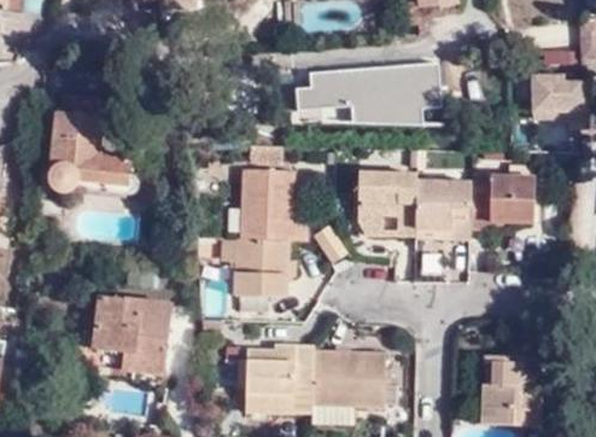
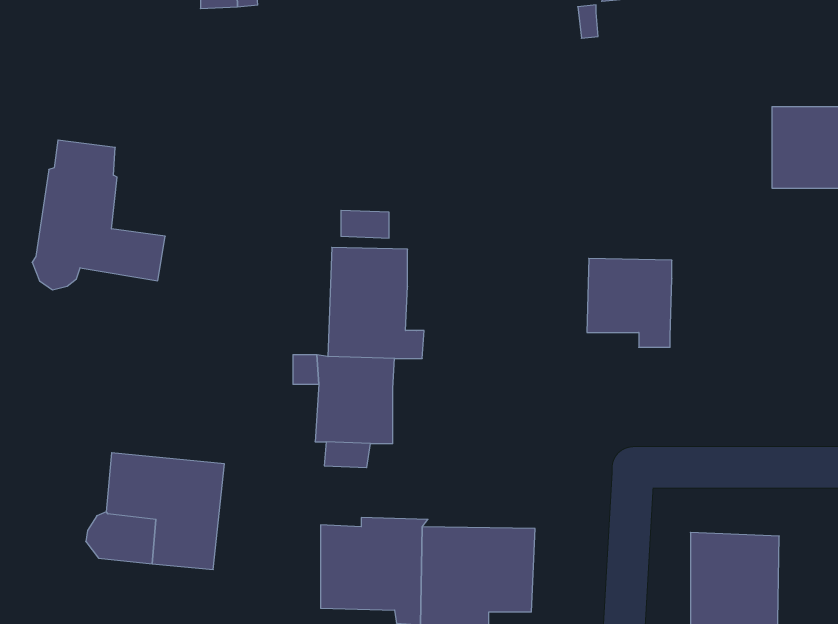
building: [300,65,443,126] -> none
building: [352,168,411,231] -> none
building: [464,171,531,225] -> none

